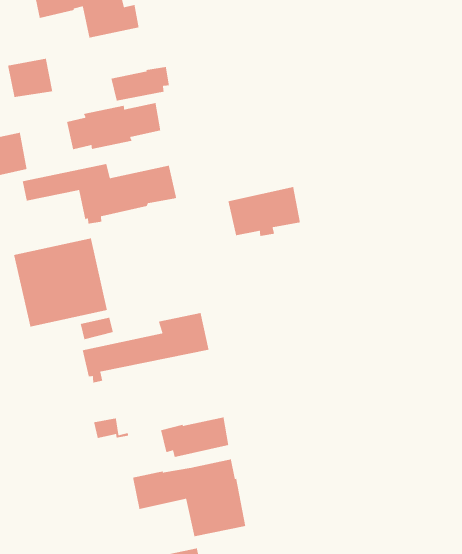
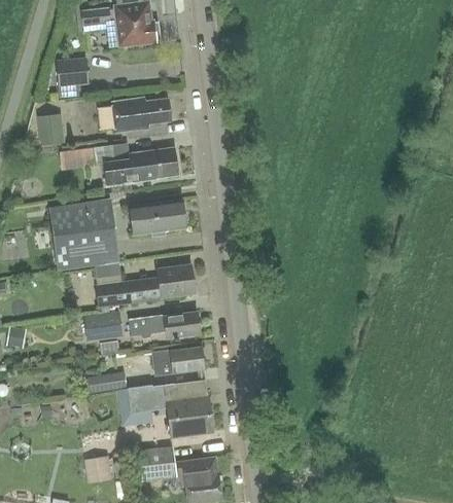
building: [110,66,170,102] -> none
building: [227,186,301,237] -> [130,200,185,237]
building: none -> [129,312,200,339]
building: none -> [83,308,123,342]
building: none -> [83,372,127,394]

